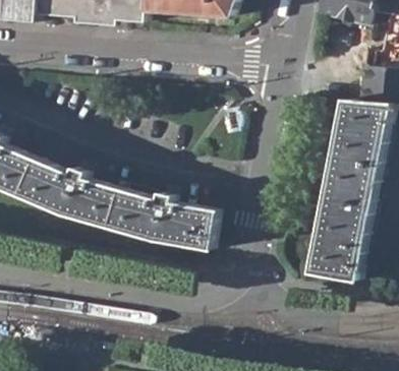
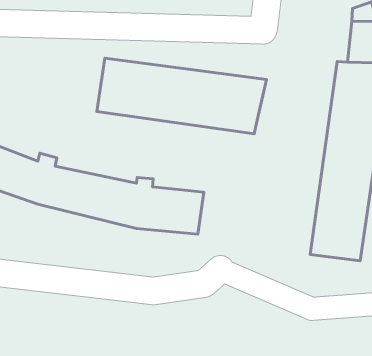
building: none -> [97,58,266,134]

